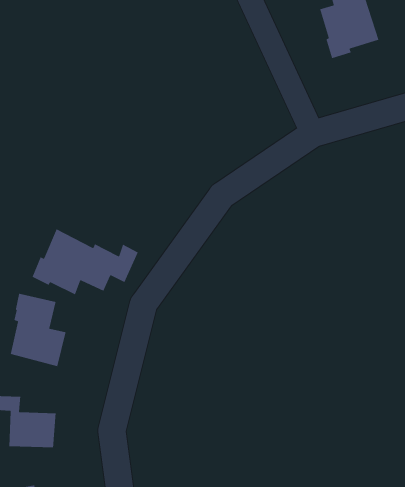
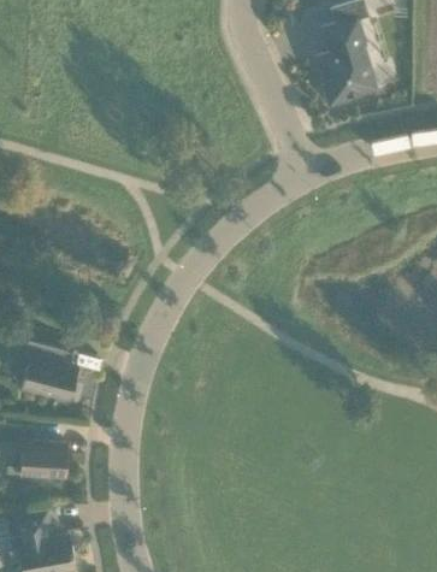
building: [32,228,139,296] -> none

